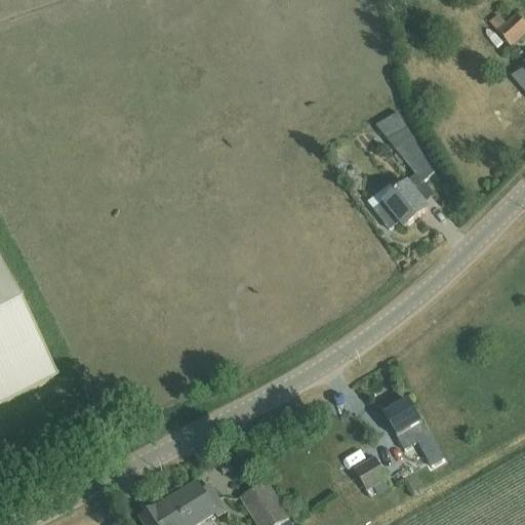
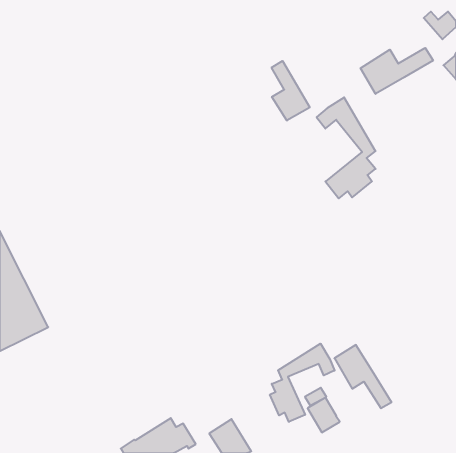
building: none -> [361,48,433,94]
building: none -> [272,61,310,121]
building: none -> [270,344,335,422]

